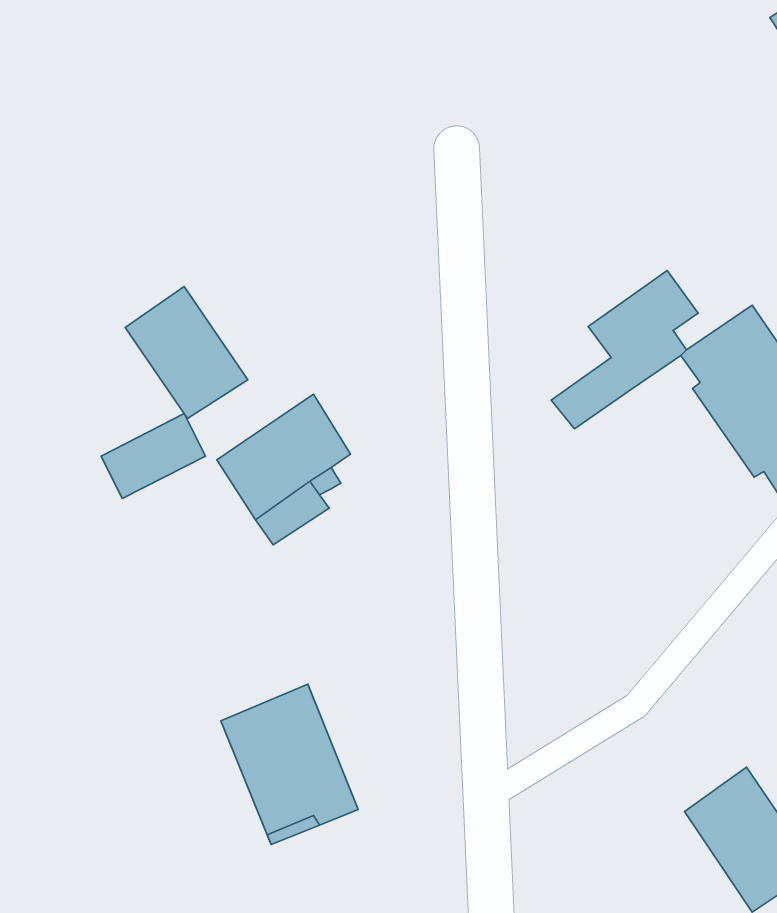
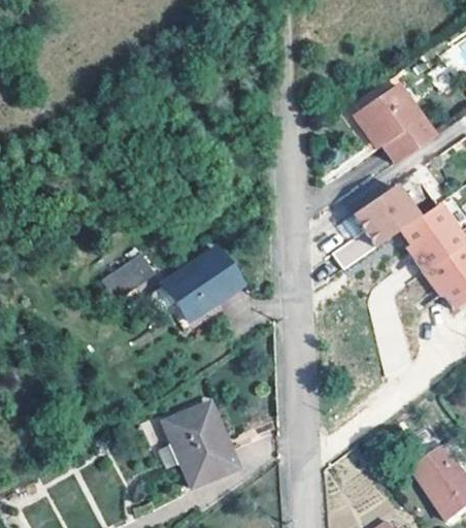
building: none -> [363,97,429,165]
building: [125,286,248,419] -> none

